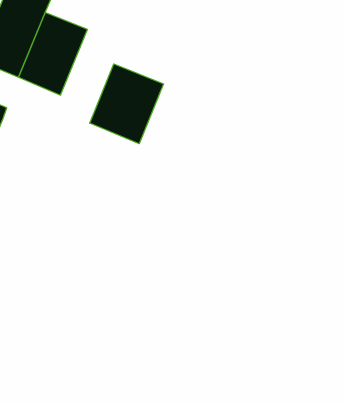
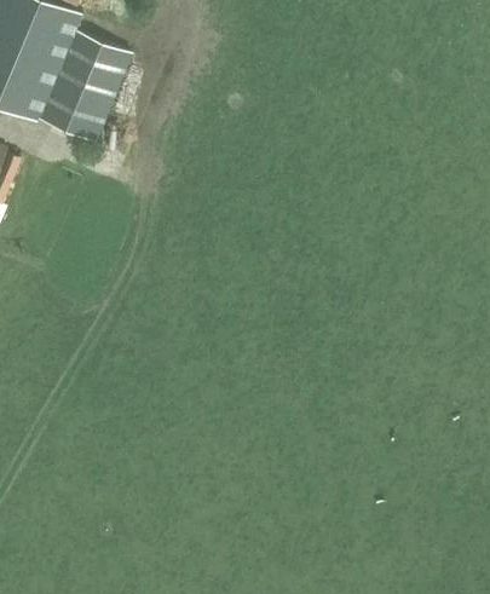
building: [90,64,164,144] -> none

